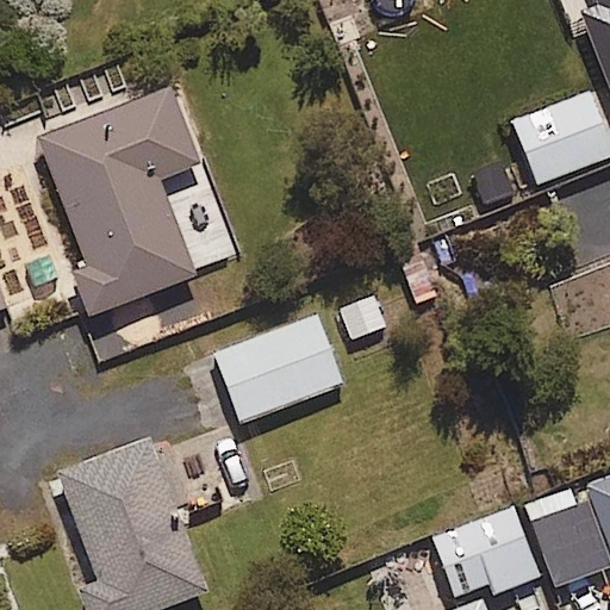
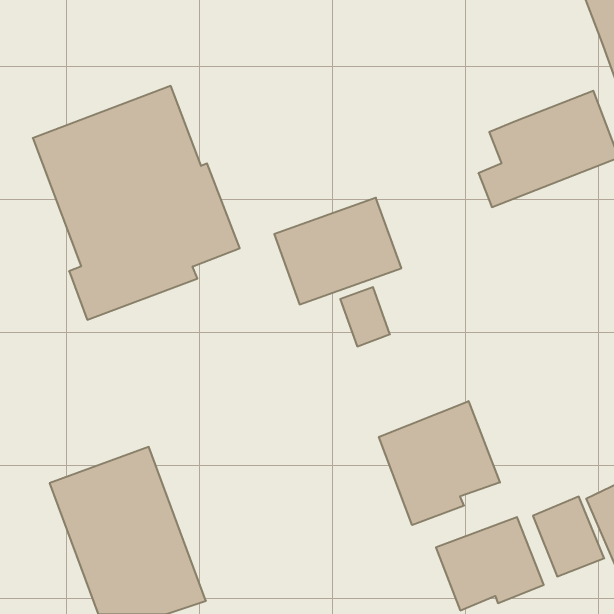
building: [217,316,342,421] -> [274,198,401,304]
building: none -> [379,401,500,525]

